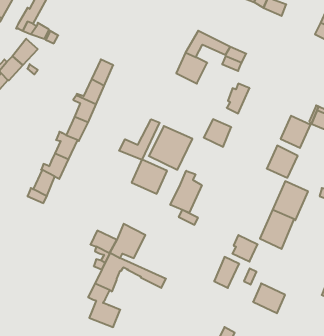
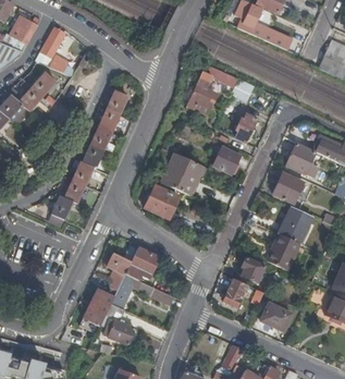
building: [119,119,160,160] -> none
building: [170,171,202,213] -> none
building: none -> [83,289,113,326]

